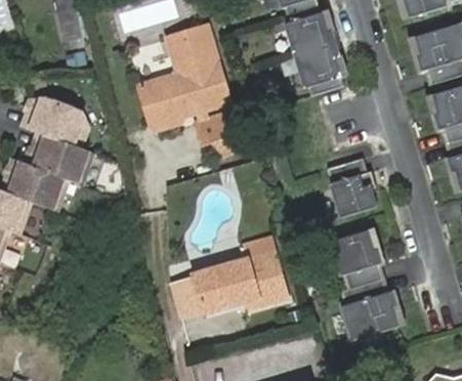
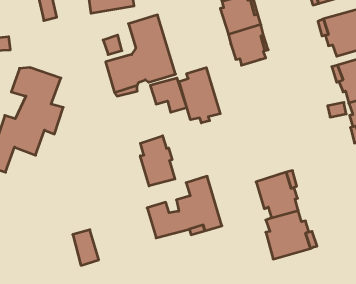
building: none -> [179,68,220,123]
building: [329,158,378,217] -> none
building: none -> [140,136,175,186]
building: [172,274,205,320] -> [73,230,99,265]

